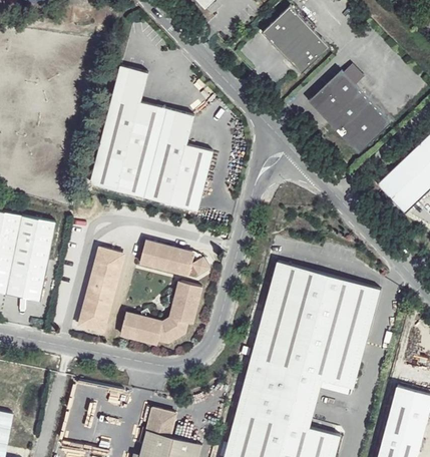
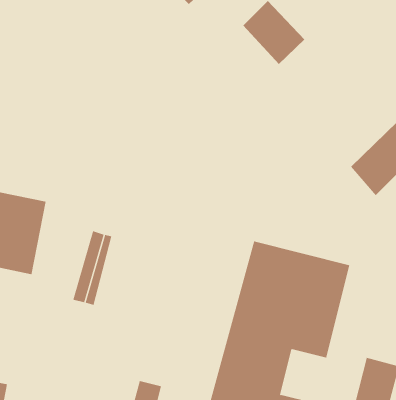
building: [90,66,211,210] -> none
building: [309,70,391,152] -> none
building: [141,243,207,276] -> none
building: [122,282,203,345] -> none

